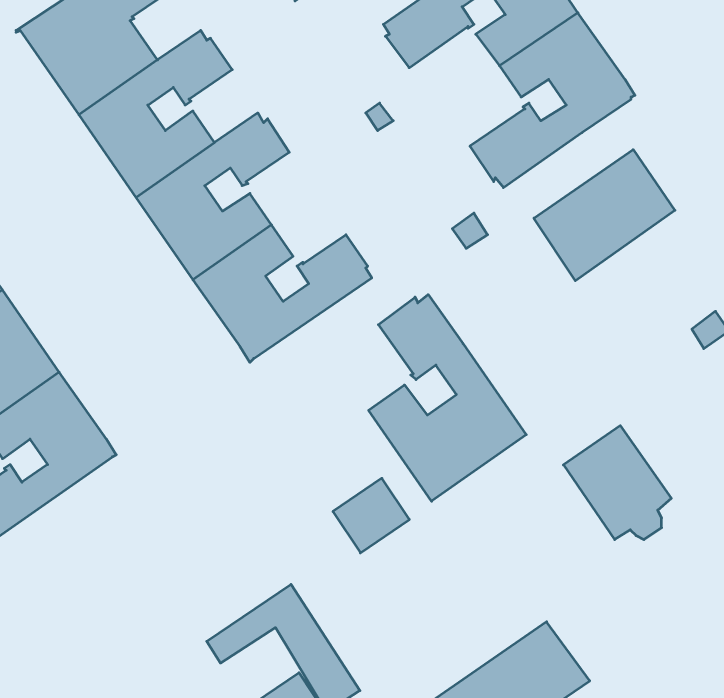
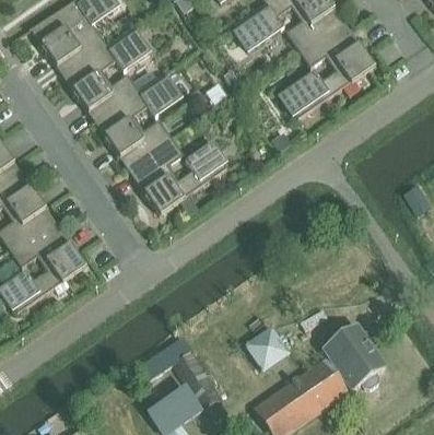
building: [534,150,675,281] -> none
building: [369,295,526,501] -> none
building: [563,426,671,540] -> [324,326,384,389]
building: [333,478,409,553] -> [245,328,288,369]

